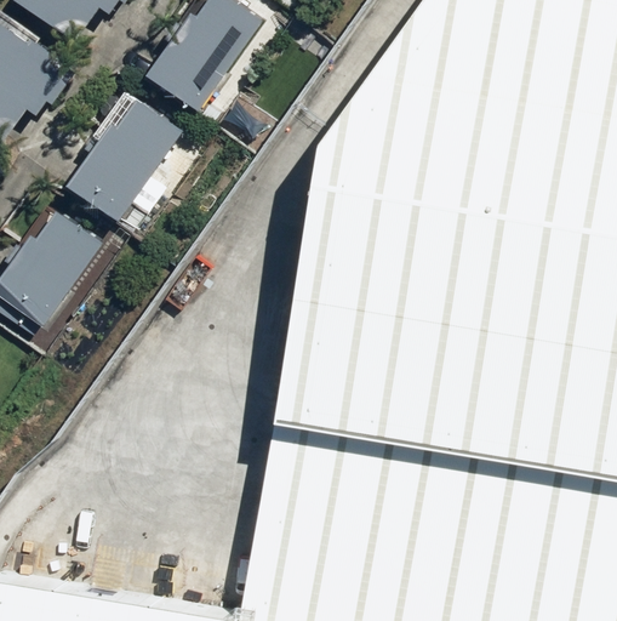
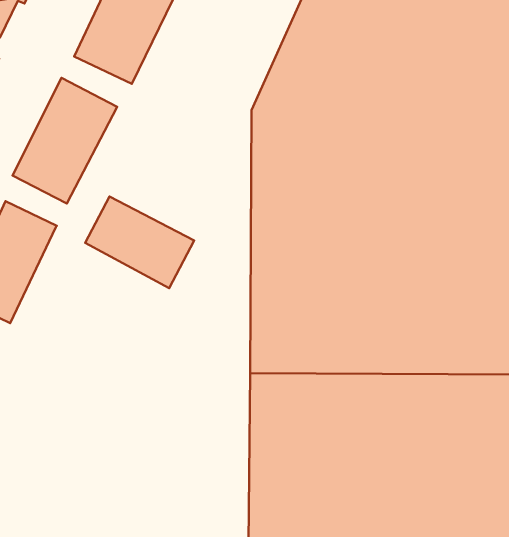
building: none -> [85,197,194,288]

